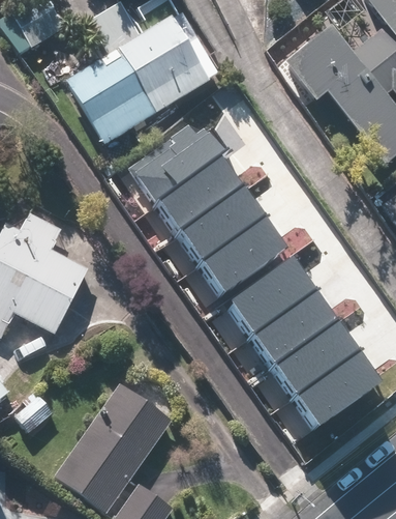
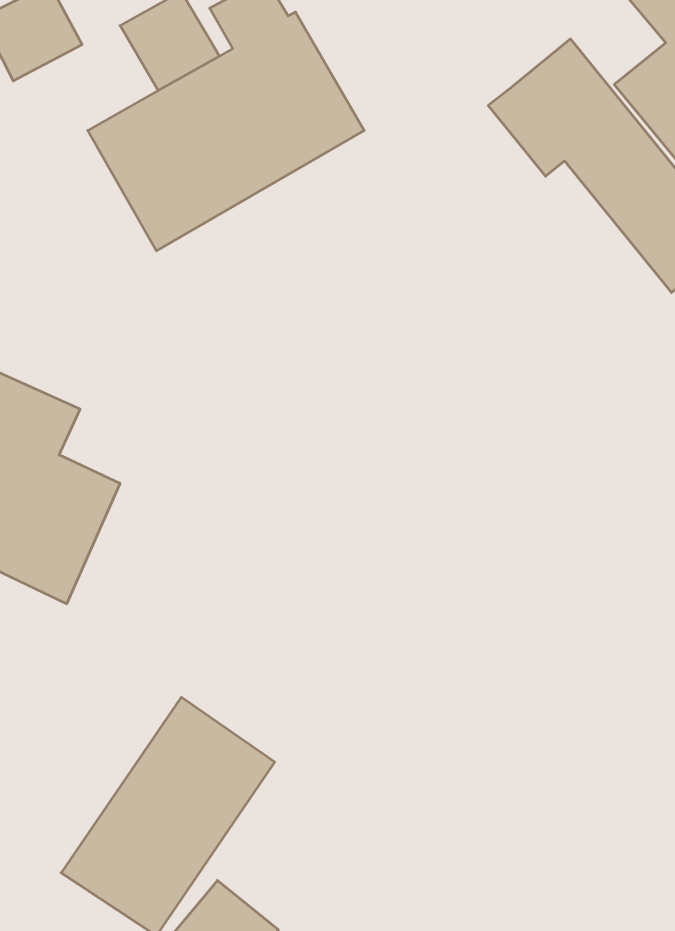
building: [133,129,269,286] -> none
building: [232,262,367,419] -> none

